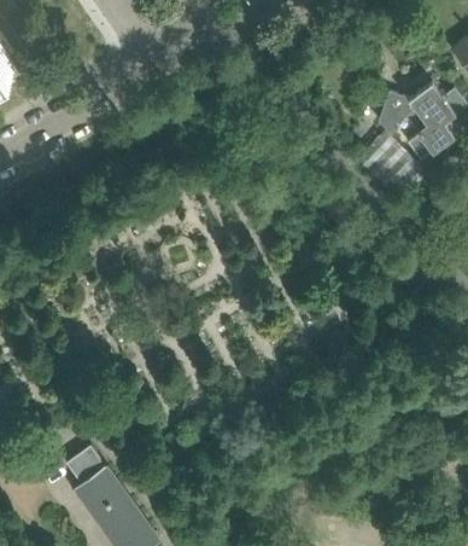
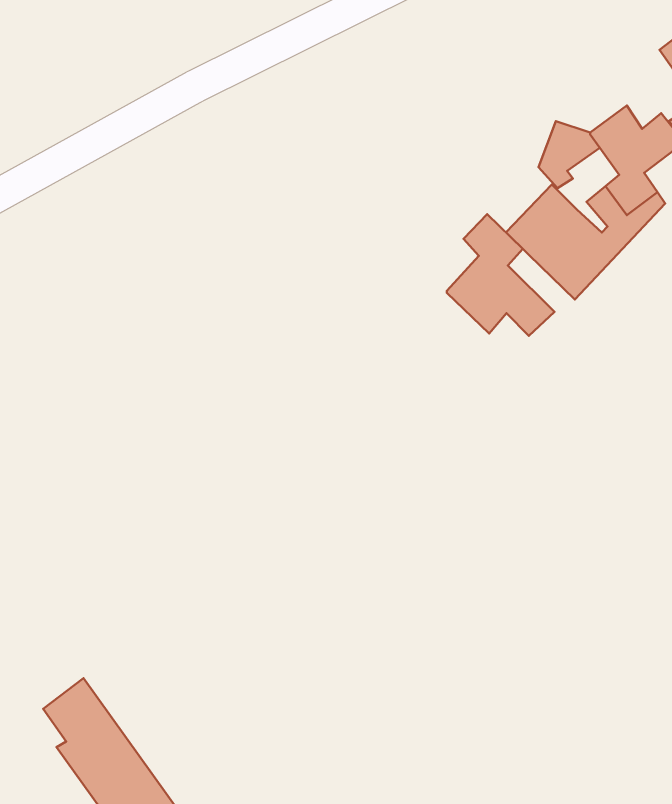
building: none -> [447,214,555,336]

